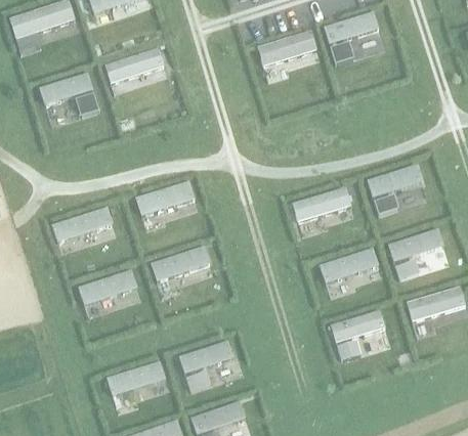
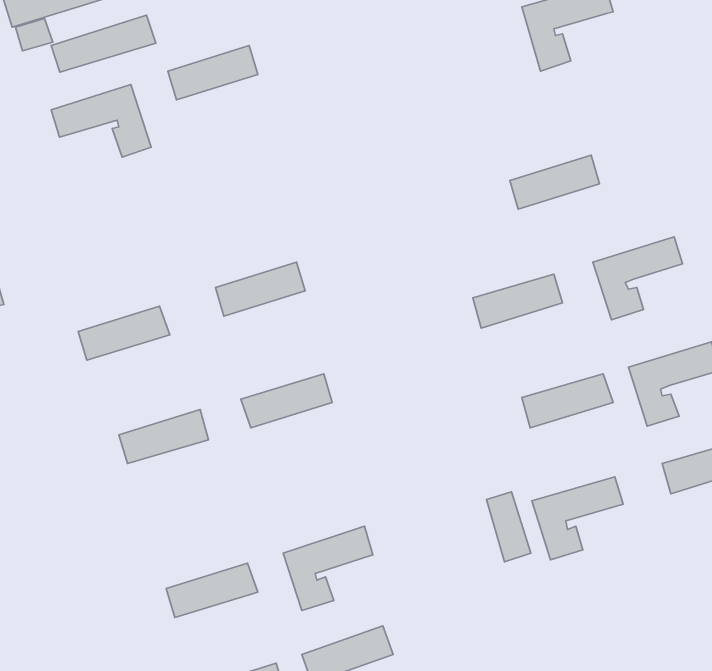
building: none -> [51,15,156,72]
building: [260,32,314,64] -> [510,155,600,209]
building: none -> [486,492,531,562]

